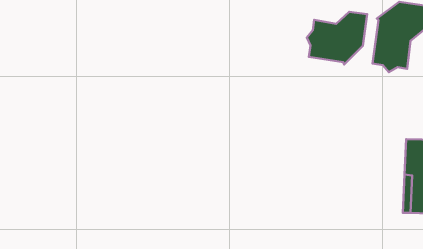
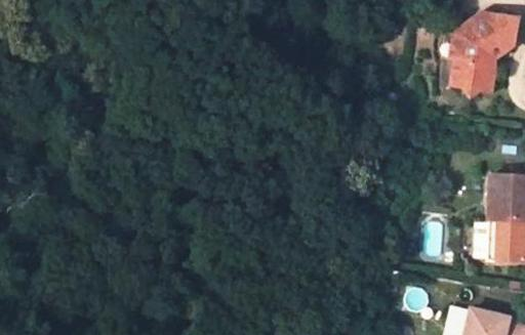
building: [307,12,367,64] -> none

